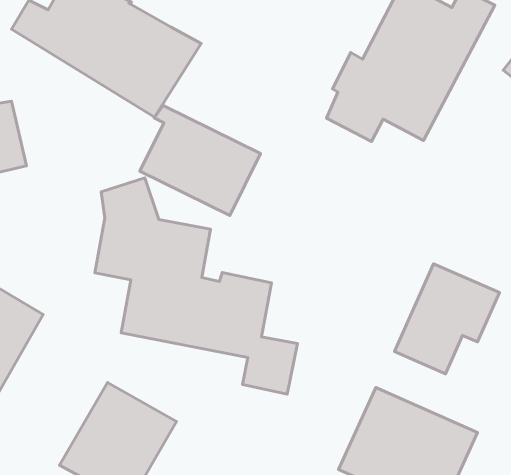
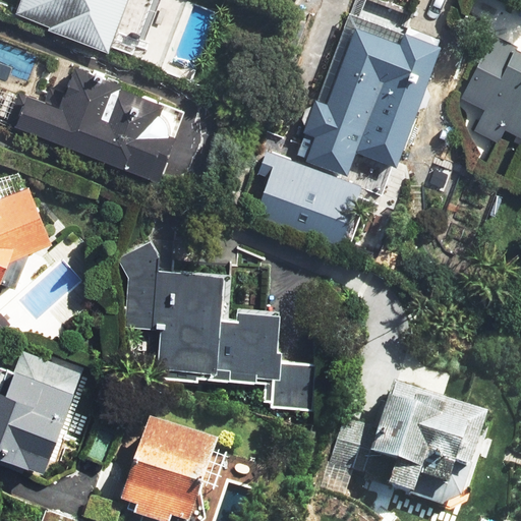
building: [140,105,261,216] -> [256,156,360,243]
building: [395,264,499,374] -> none

